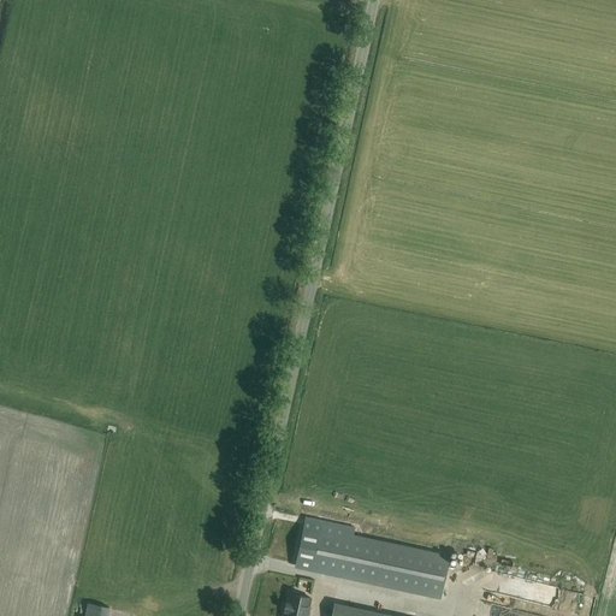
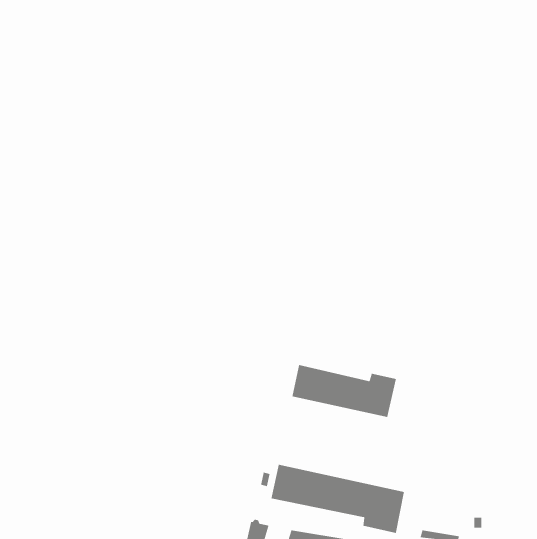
building: none -> [291,364,397,418]

